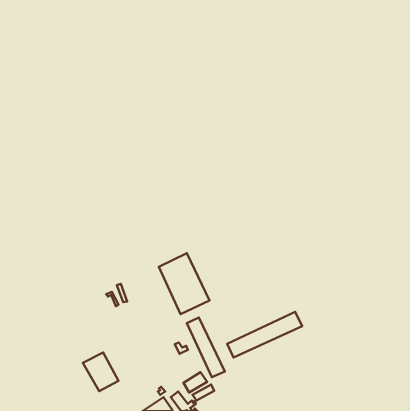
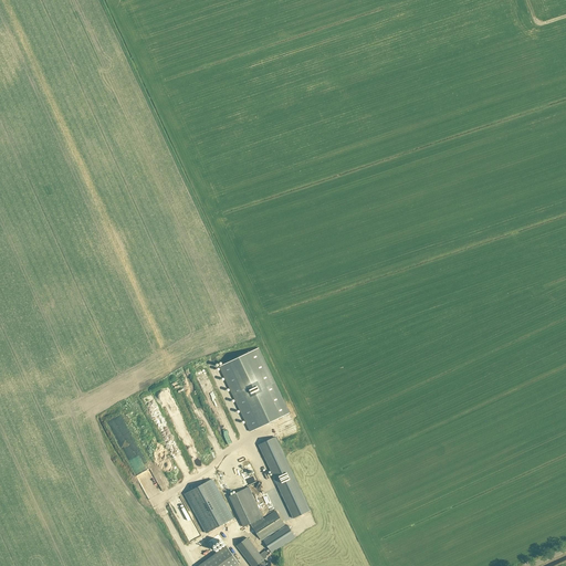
building: [227,312,302,357] -> none
building: [83,352,118,391] -> [182,479,231,532]
building: none -> [233,488,261,523]

